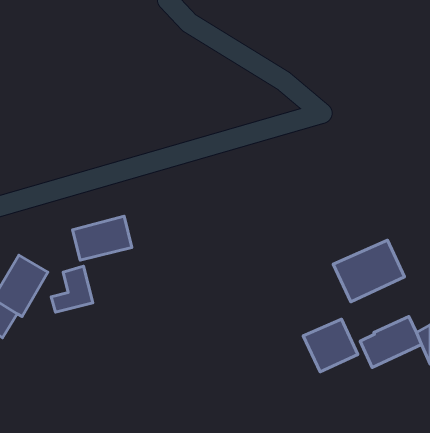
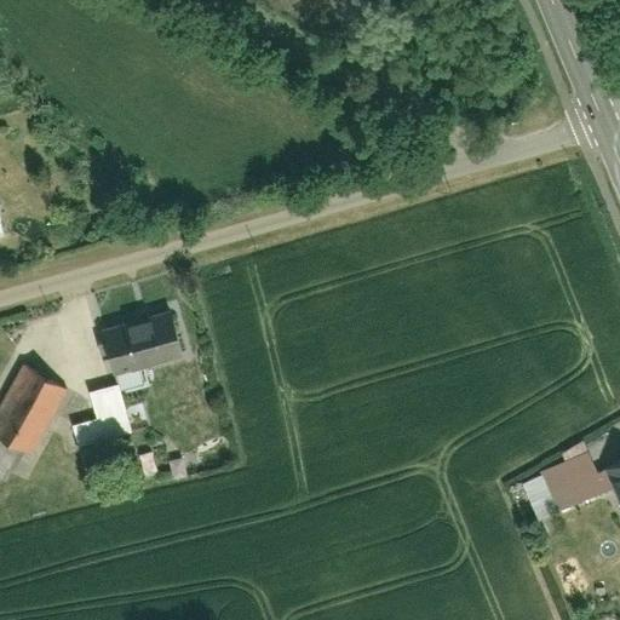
building: [333,240,405,302] -> none
building: [303,319,358,372] -> none

